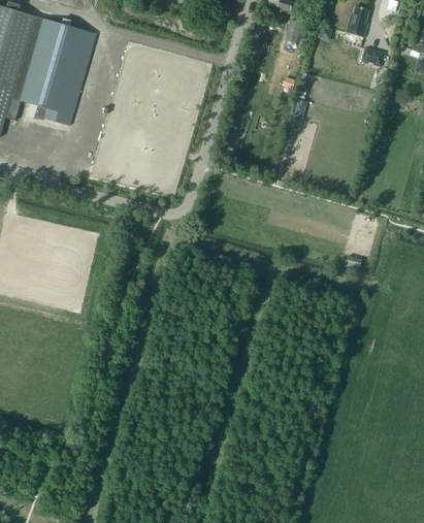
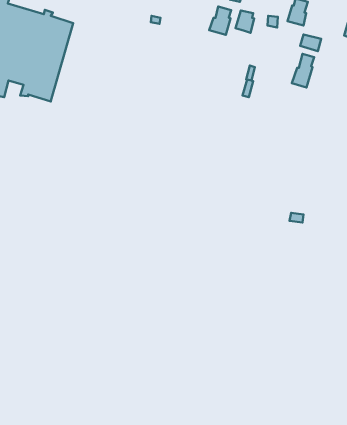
building: none -> [209,7,231,35]
building: none -> [292,54,314,88]

